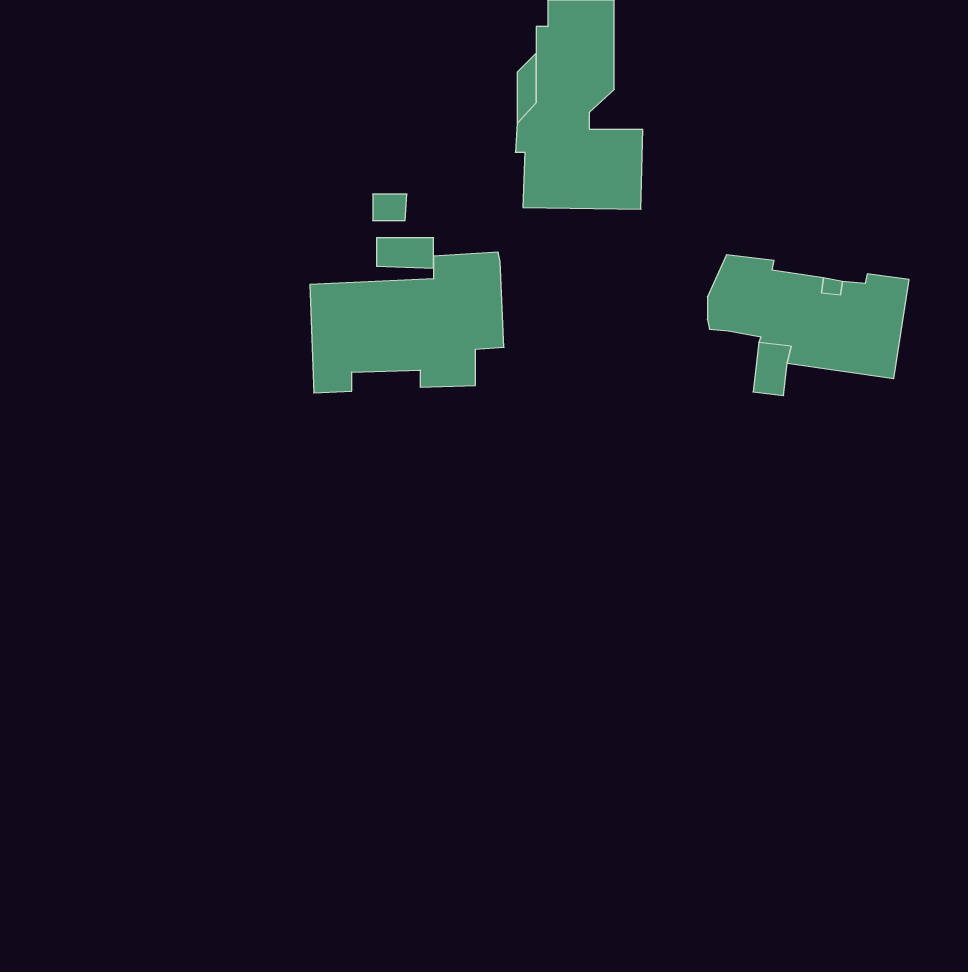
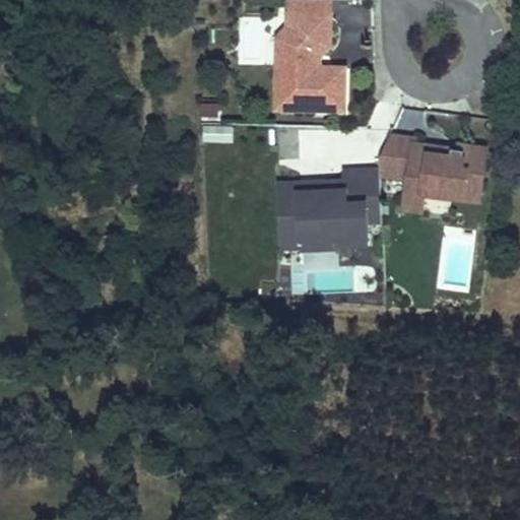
building: [310,252,504,393] -> [277,171,381,246]

